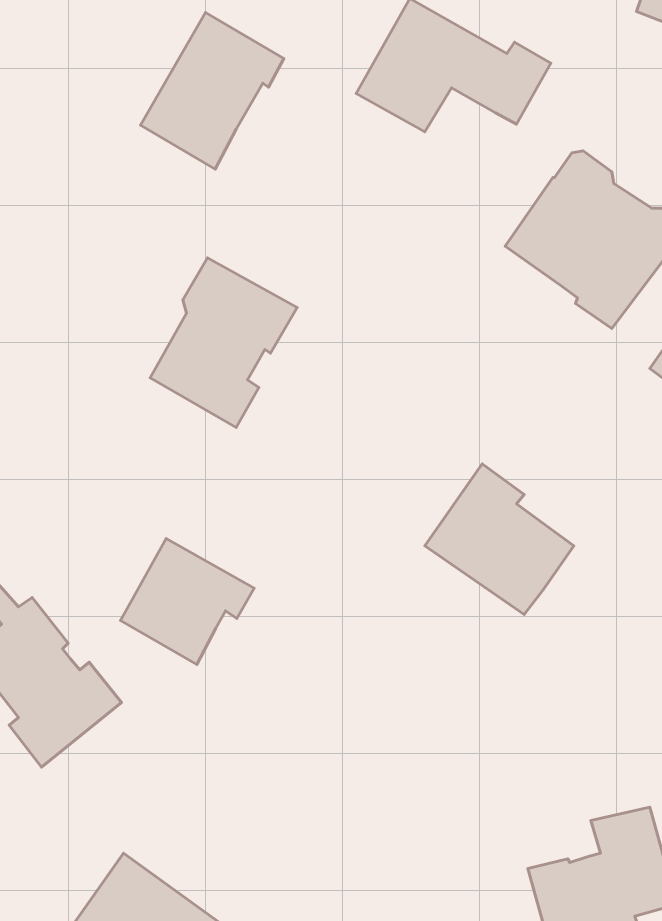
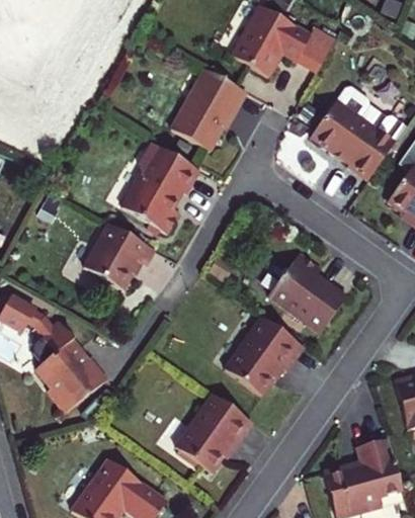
building: [141,13,284,169] -> [170,68,246,151]
building: [121,538,254,664] -> [83,223,154,289]
building: none -> [225,317,304,395]
building: none -> [175,394,251,471]

